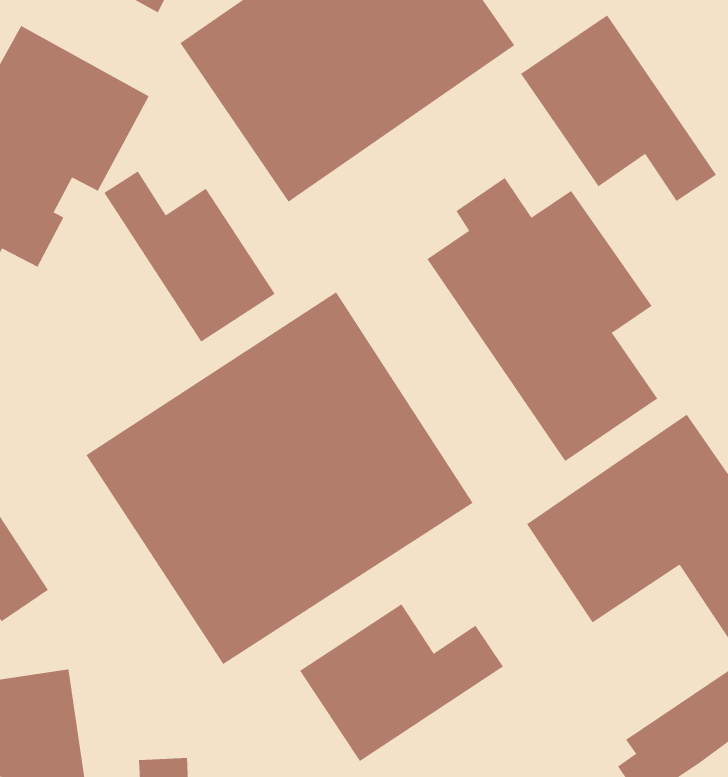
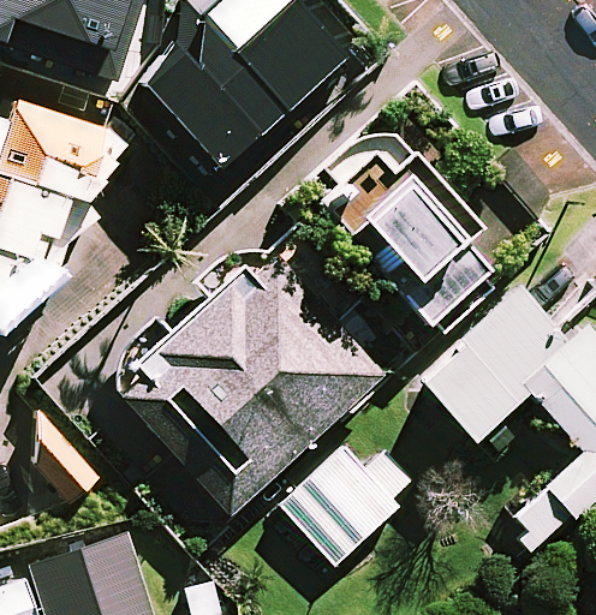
building: [520,15,717,202] -> none
building: [103,171,276,342] -> none

